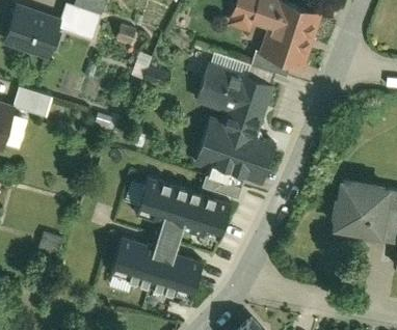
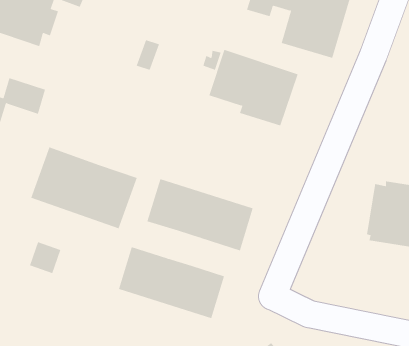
building: [191,116,276,188] -> none
building: none -> [30,146,138,229]
building: [158,223,186,253] -> none

